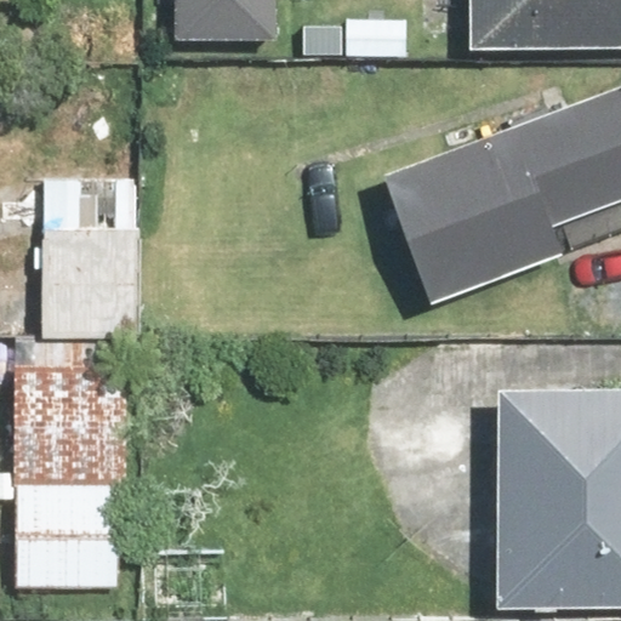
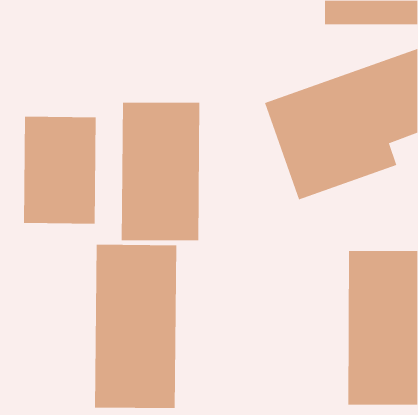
building: none -> [121,102,200,241]
building: [10,348,131,588] -> [94,244,177,409]

